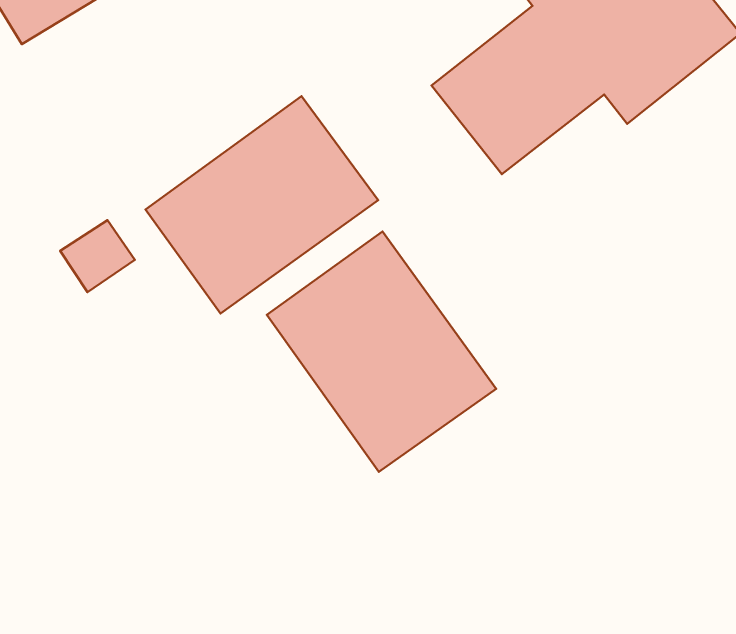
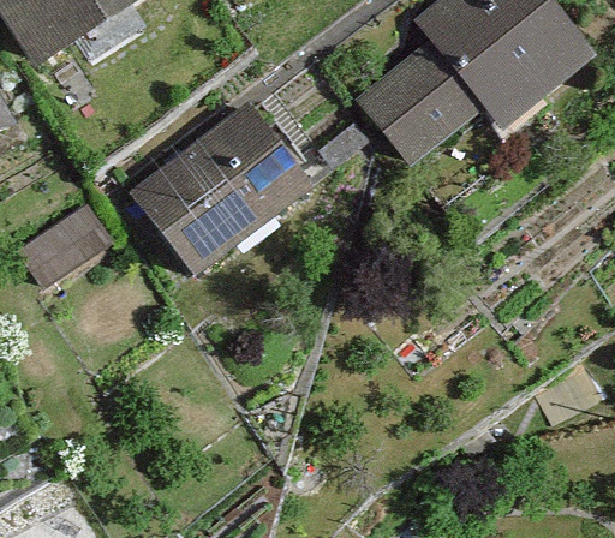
building: [267,231,496,472] -> none

